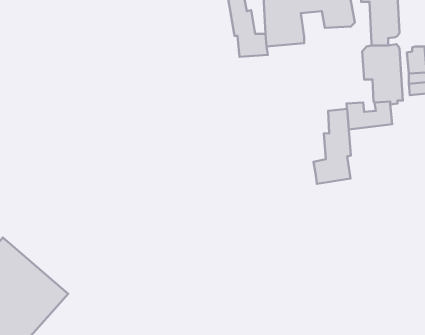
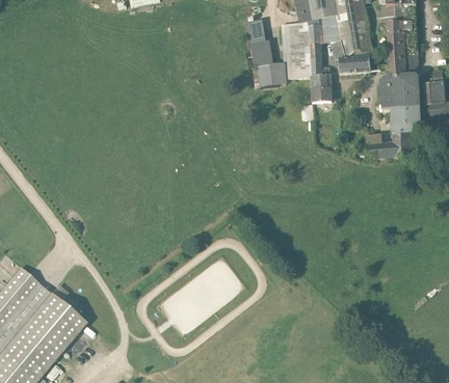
building: none -> [338,55,371,71]
building: none -> [311,65,332,99]
building: [313,109,351,184] -> none

